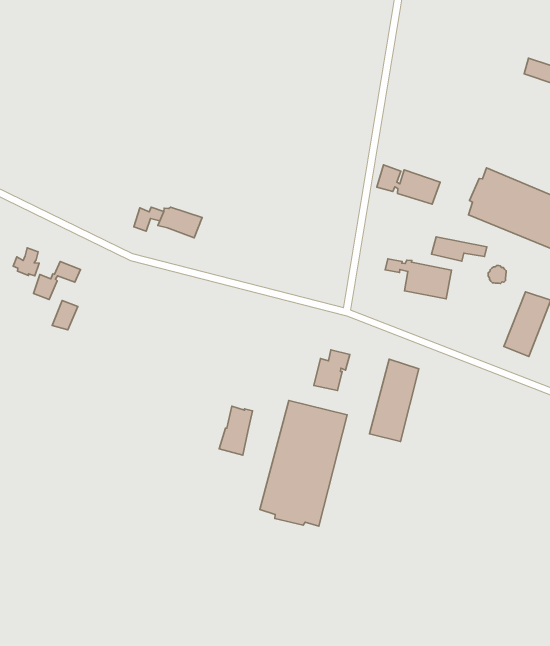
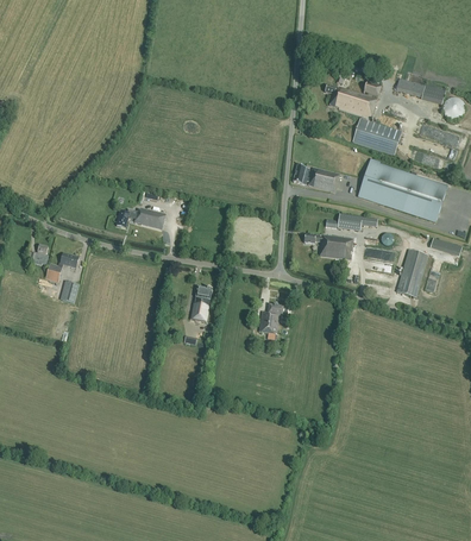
building: none -> [324,80,401,153]
building: [370,359,419,442] -> none
building: [260,401,347,526] -> none
building: [219,406,253,455] -> [189,285,212,321]

